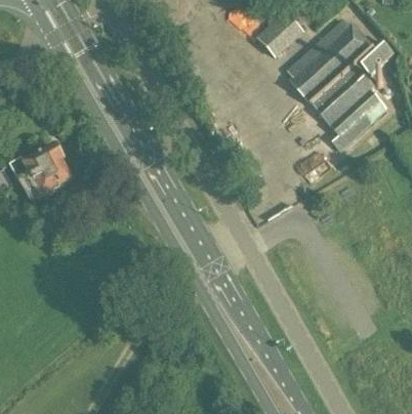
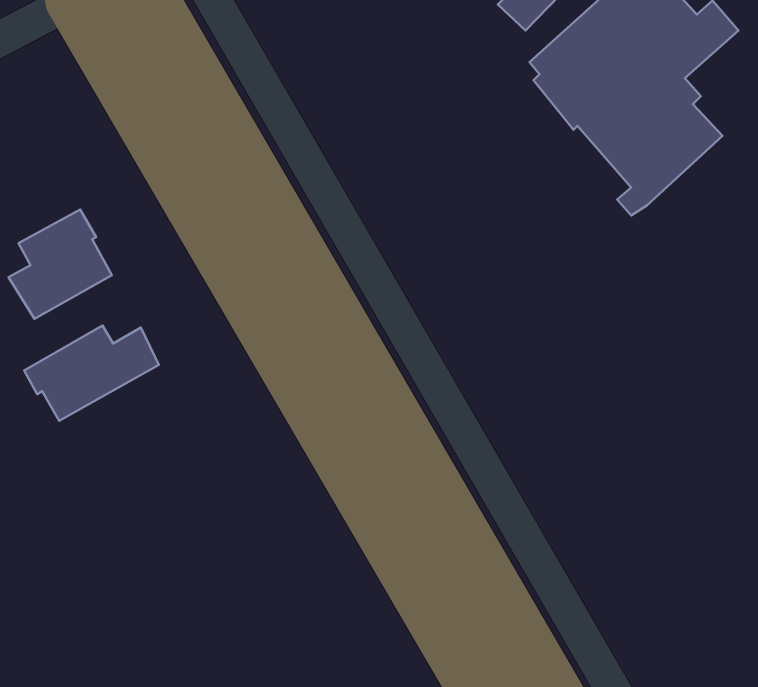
building: none -> [24,326,159,421]

